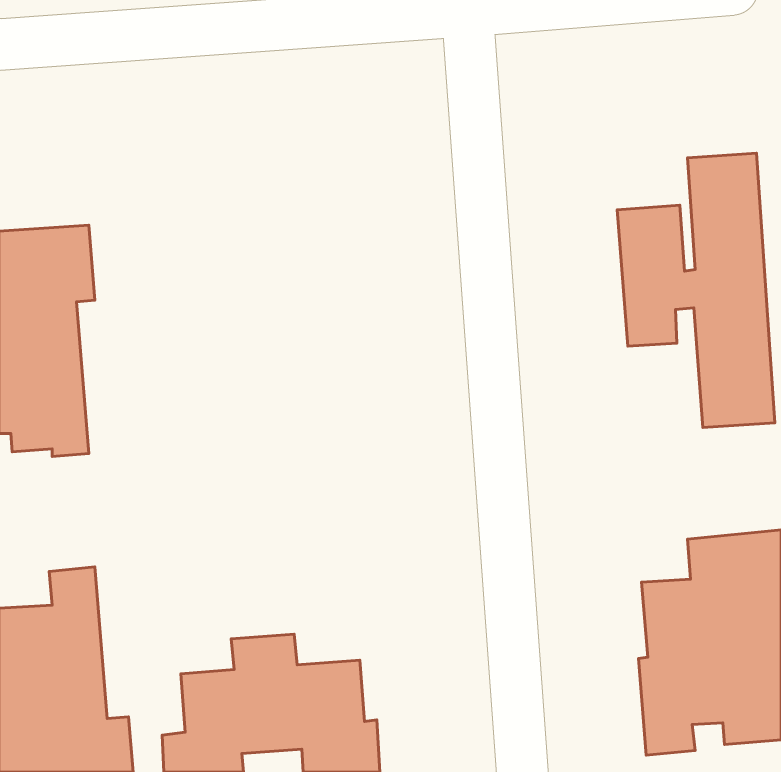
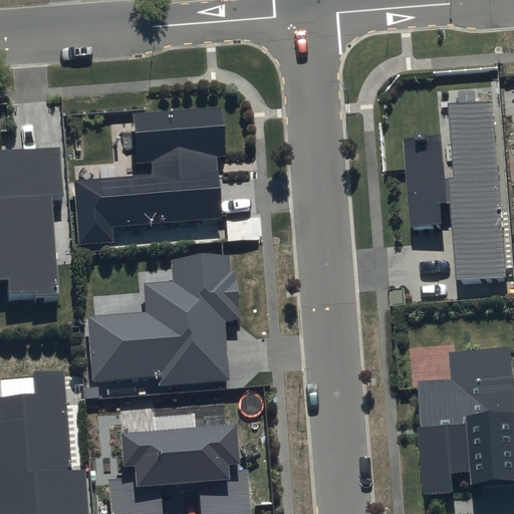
building: none -> [72,106,224,243]
building: none -> [83,257,238,386]

